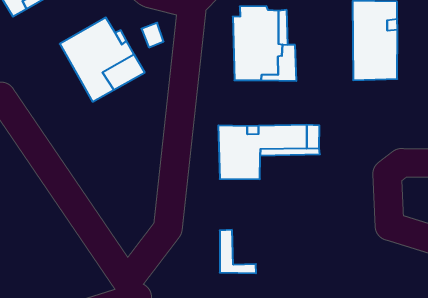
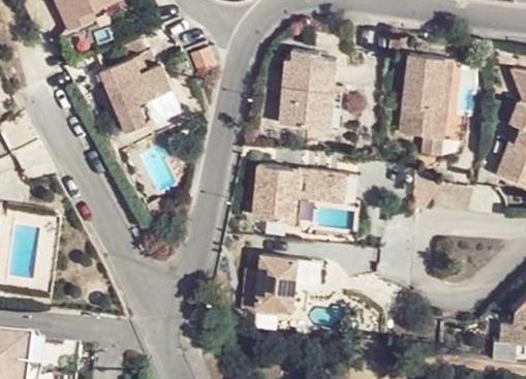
building: none -> [256,254,298,309]

